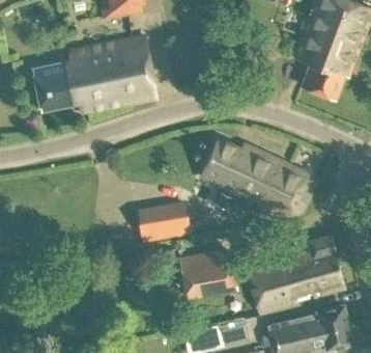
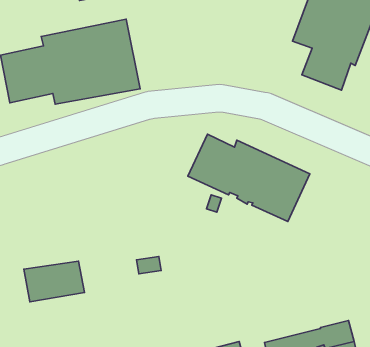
building: [138,205,192,241] -> [24,261,84,302]
building: [249,234,346,311] -> none
building: [180,247,235,301] -> none

